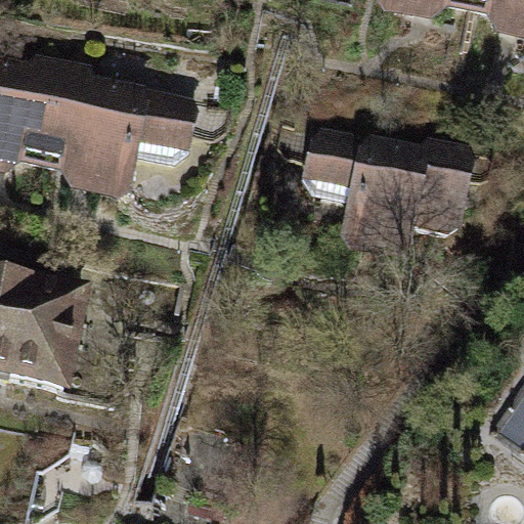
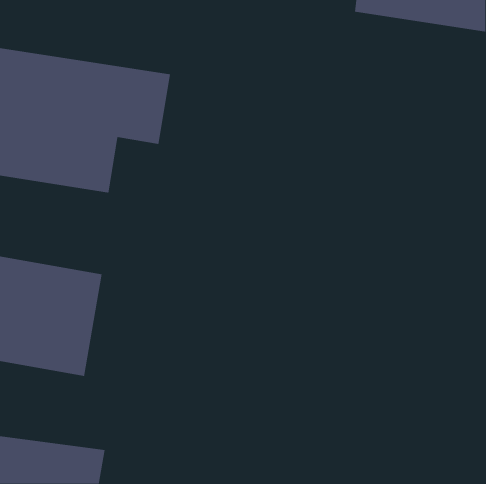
building: [288,121,474,260] -> none

